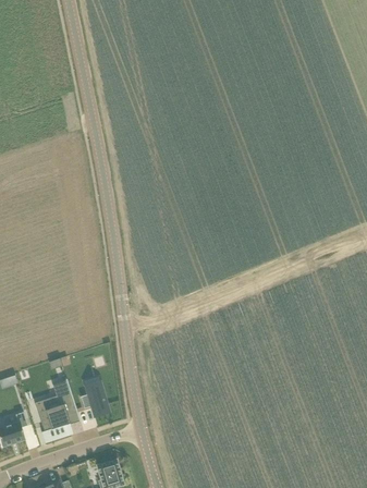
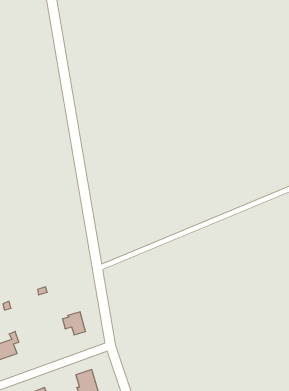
building: [41,379,77,430] -> none

